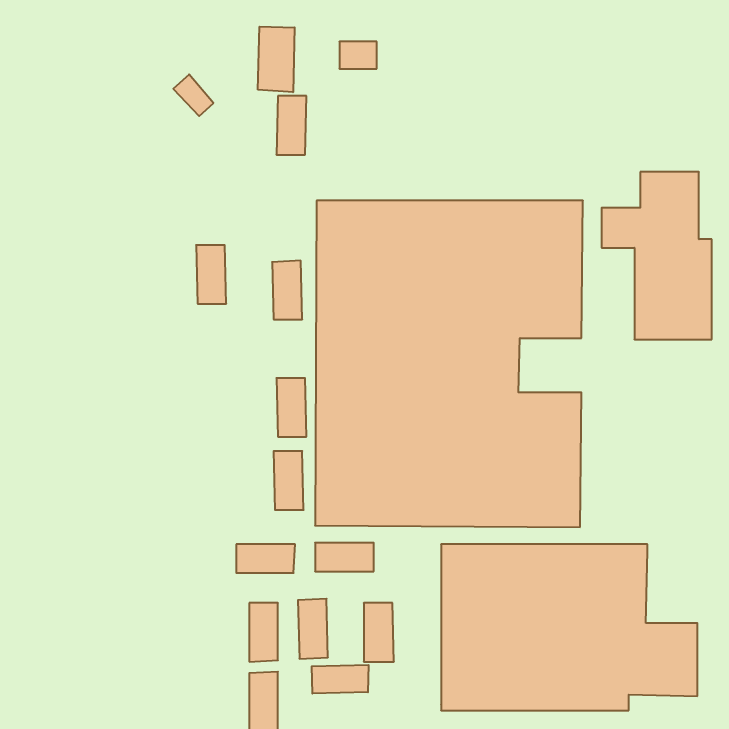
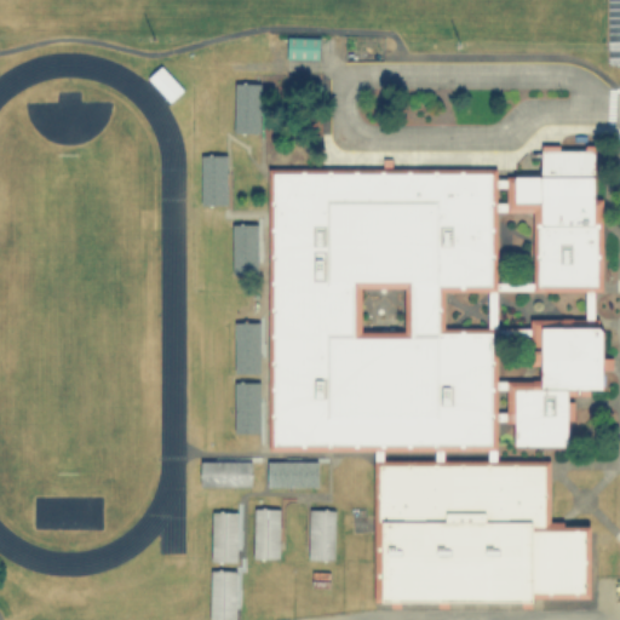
building: [258,27,295,92] -> none
building: [196,245,226,304] -> [202,155,228,205]
building: none -> [513,327,605,443]
building: [312,665,369,694] -> none

